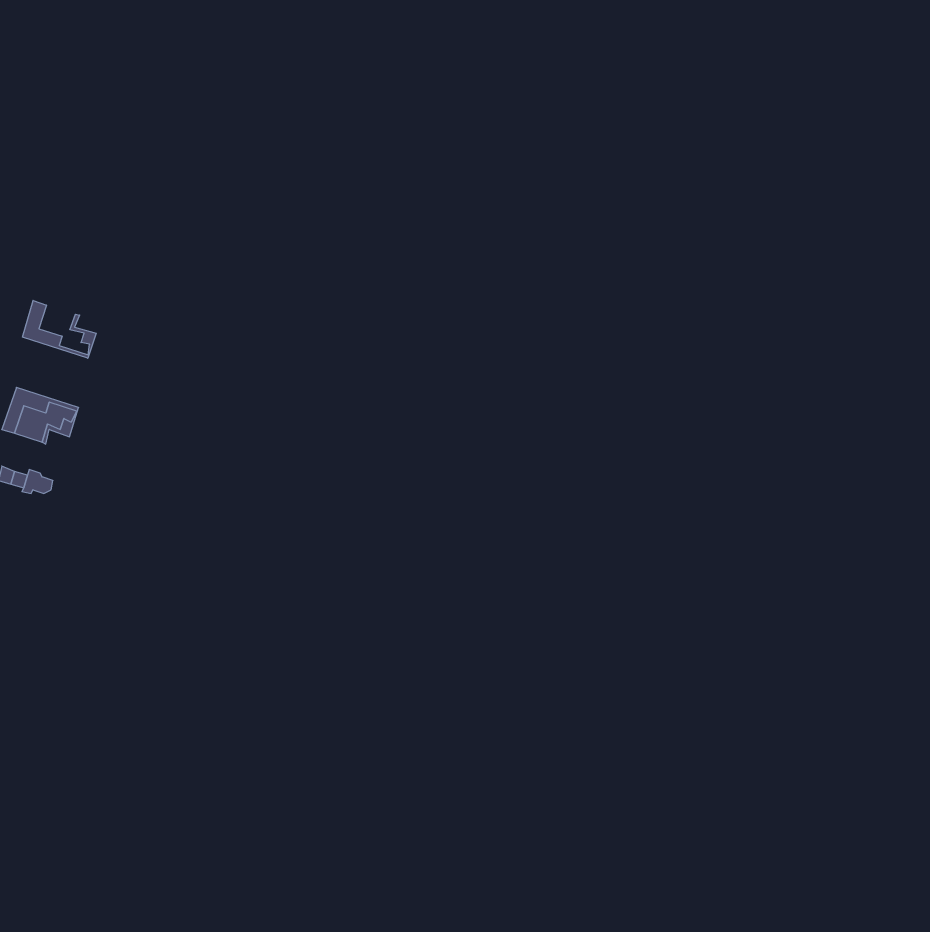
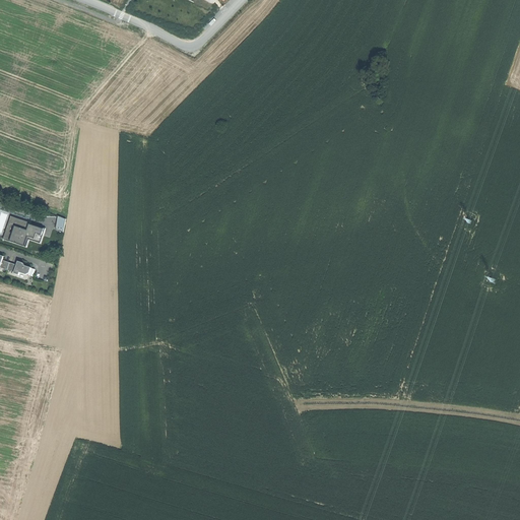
building: [22,300,96,358] -> none

